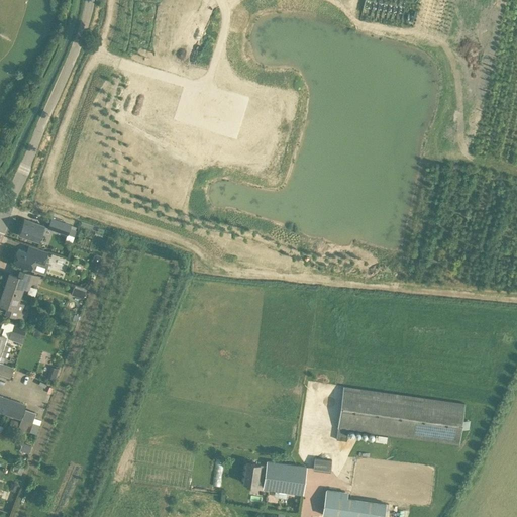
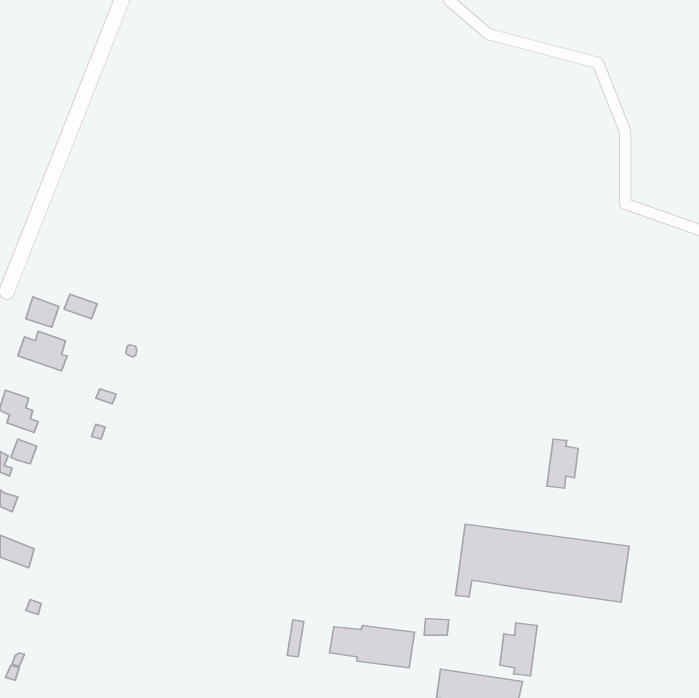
building: [4,271,40,295] -> none
building: none -> [547,439,578,488]
building: none -> [500,623,537,676]

